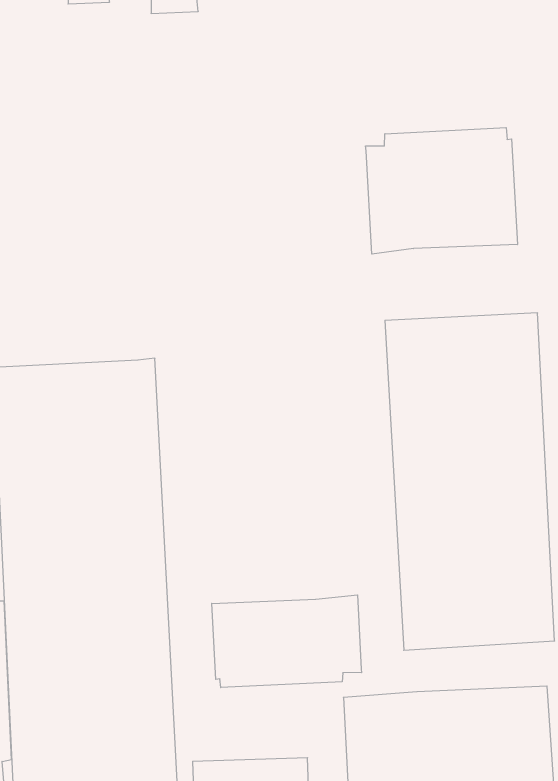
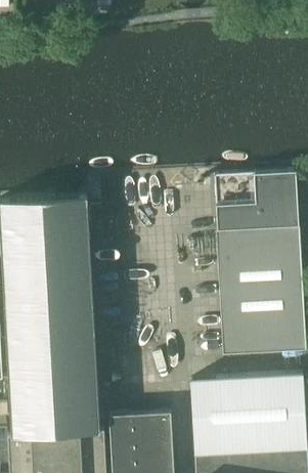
building: [366,128,517,254] -> none
building: [212,595,362,688] -> none

